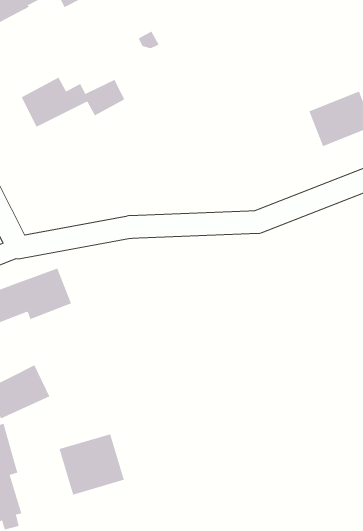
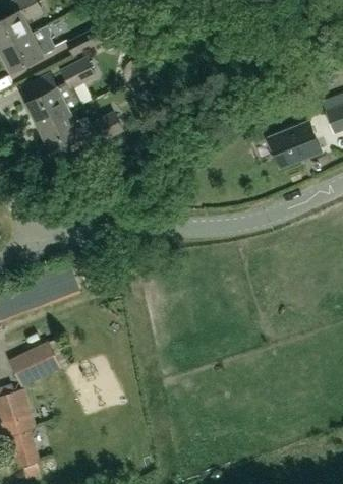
building: none -> [25,59,94,128]
building: [59,433,125,495] -> none

